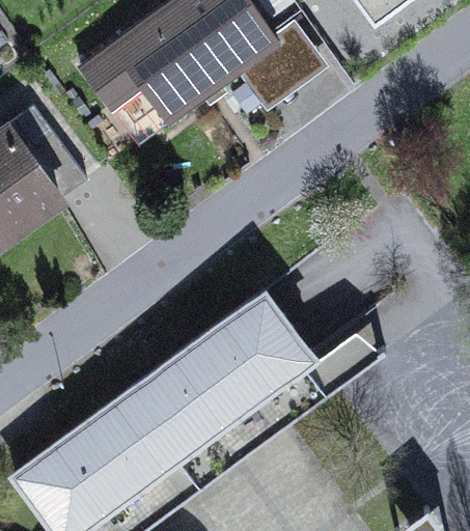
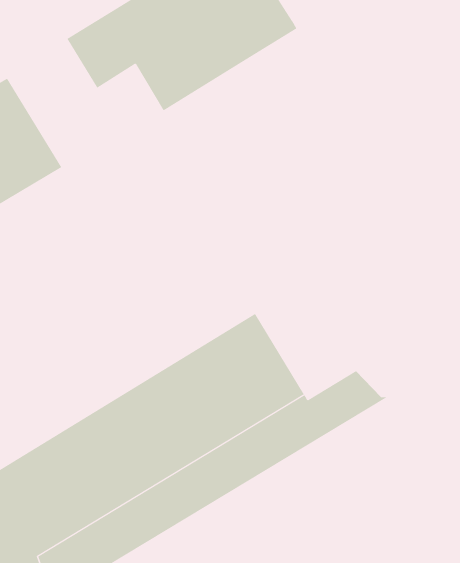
building: [234,20,326,112] -> none

